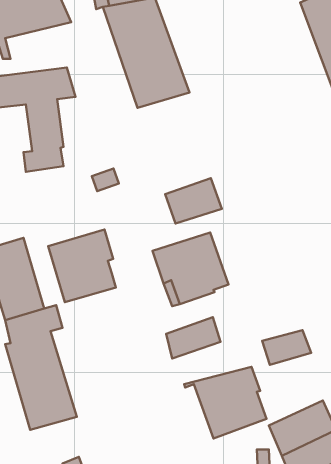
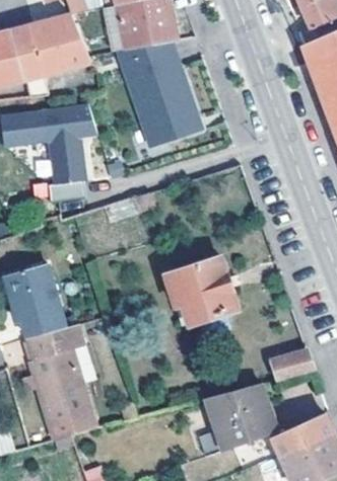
building: [165,178,222,224] -> none
building: [48,230,116,302] -> none
building: [166,317,220,358] -> none

